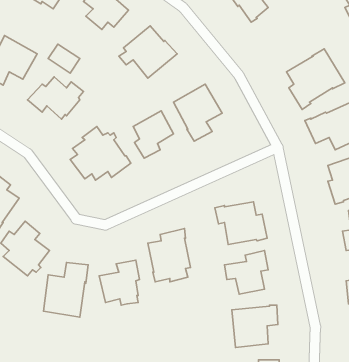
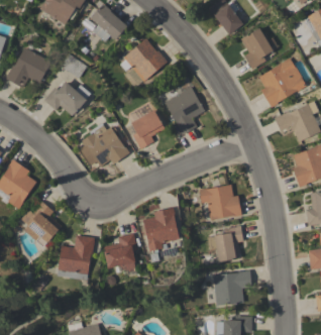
building: none -> [240,27,273,69]

